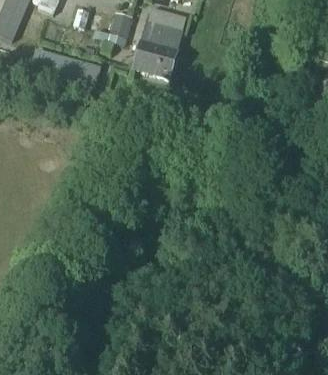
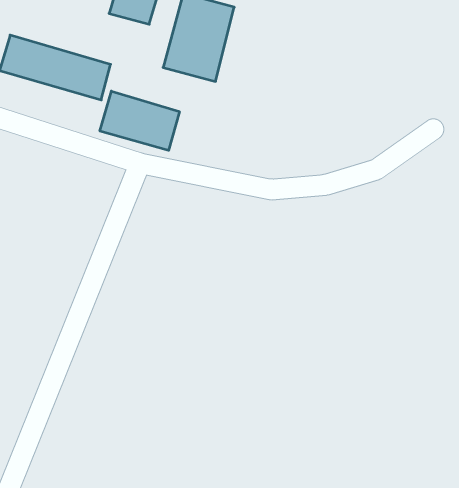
building: none -> [100,91,179,150]

